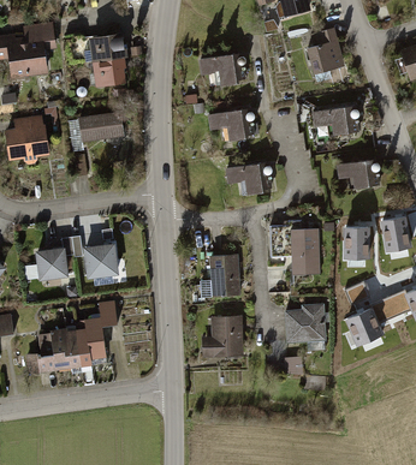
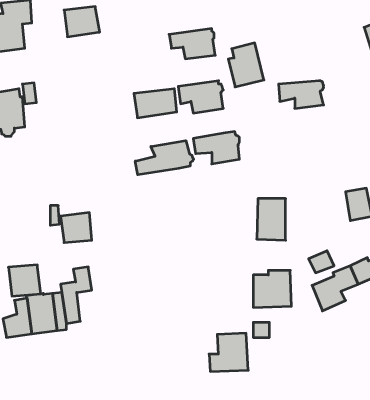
building: [305,29,343,74] -> [228,43,264,87]
building: [91,56,125,87] -> none
building: [77,111,121,141] -> [134,89,177,118]
building: [335,157,379,187] -> none
building: none -> [135,141,194,175]
building: [344,228,367,260] -> none
building: [35,248,69,280] -> [8,265,41,296]
building: [210,255,238,294] -> none
building: [201,316,242,356] -> [209,333,248,371]

